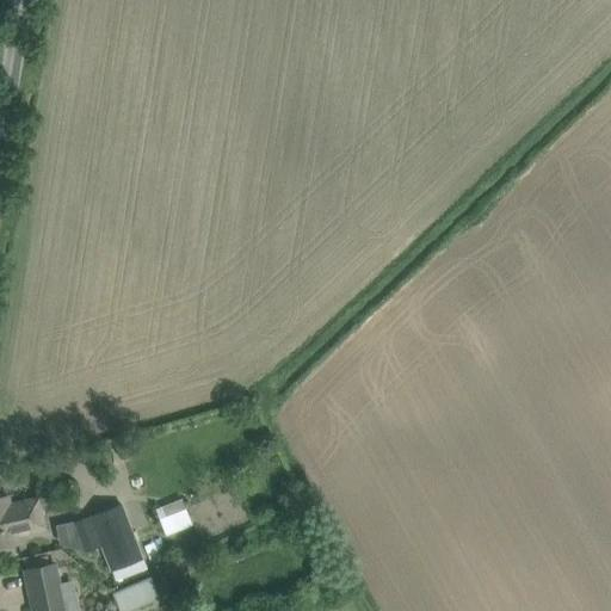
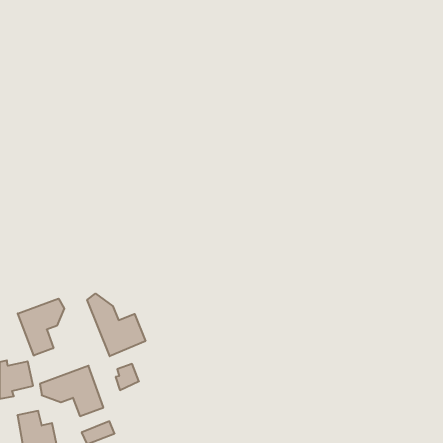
building: none -> [87,294,145,356]
building: none -> [18,299,64,356]

